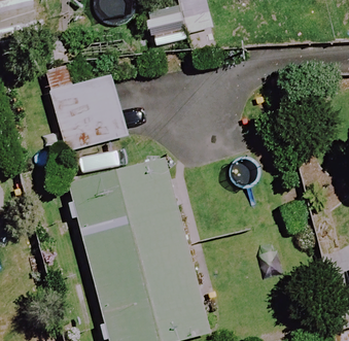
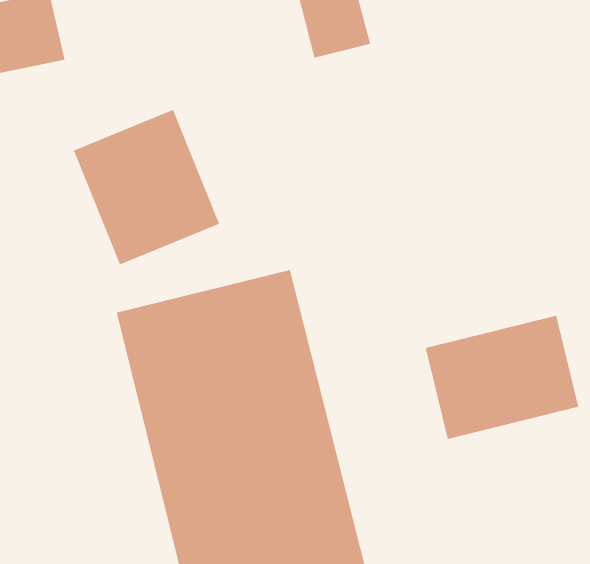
building: none -> [425,315,579,440]

